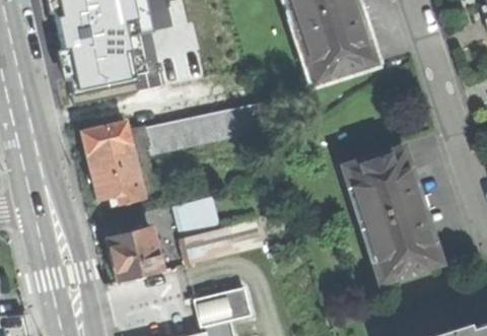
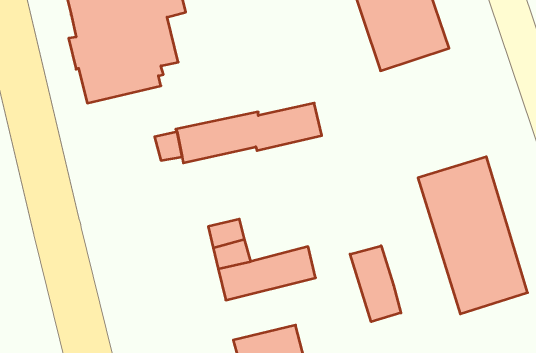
building: [83,122,145,203] -> none
building: none -> [350,246,401,322]
building: [109,226,163,281] -> none

